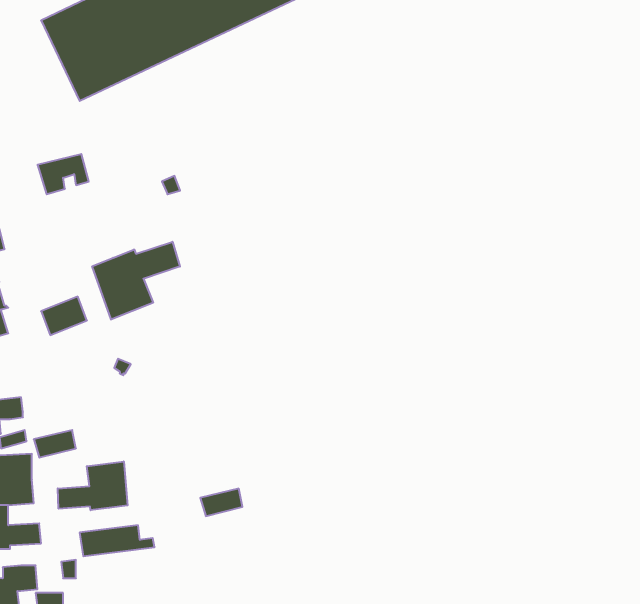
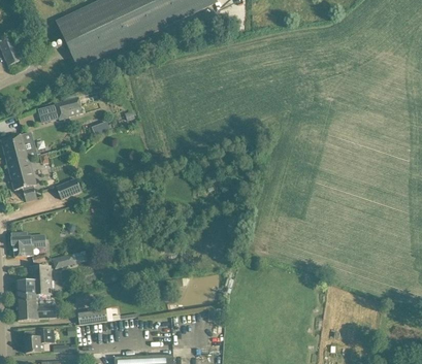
building: [92,242,180,320] -> none
building: [58,461,128,510] -> none

